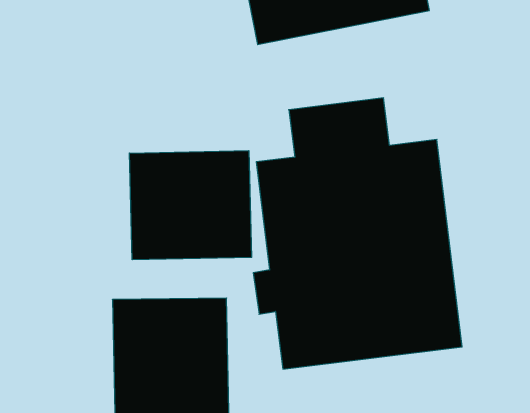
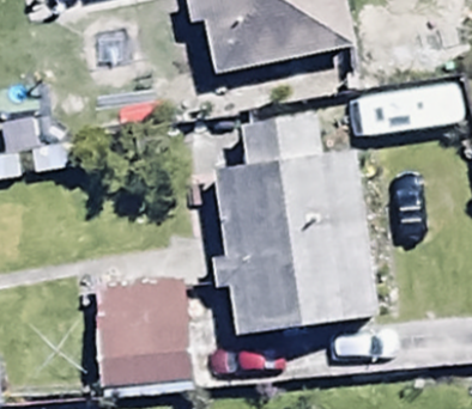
building: [129,151,252,260] -> none

